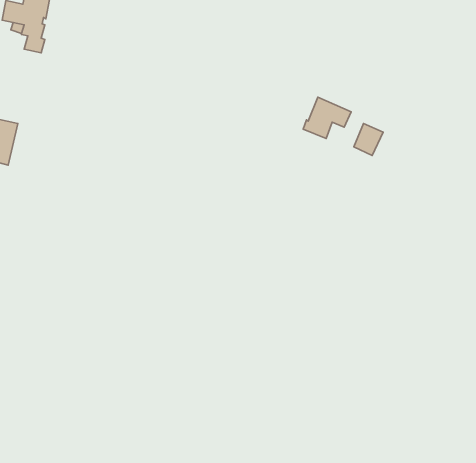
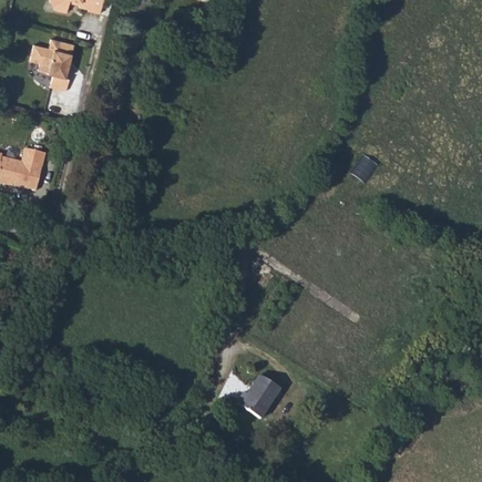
building: [303,97,351,138] -> none
building: none -> [234,375,277,418]

